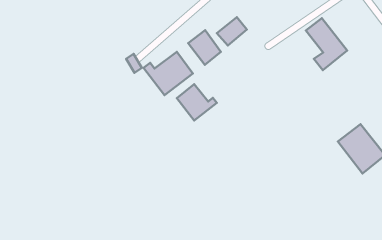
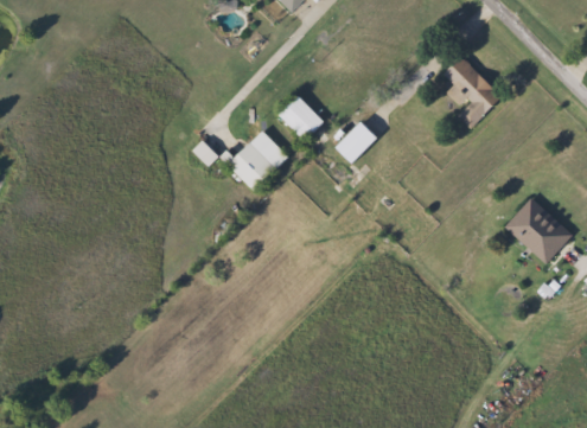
building: [217,17,247,46] -> [334,122,376,164]
building: [177,84,217,120] -> none

